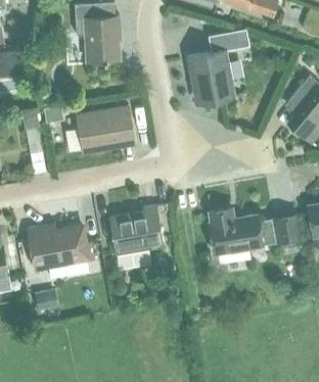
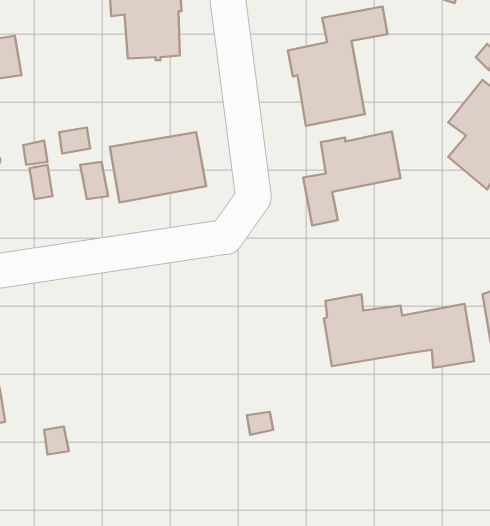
building: none -> [303,132,401,225]
building: [109,204,164,267] -> none
building: [27,225,94,275] -> none

